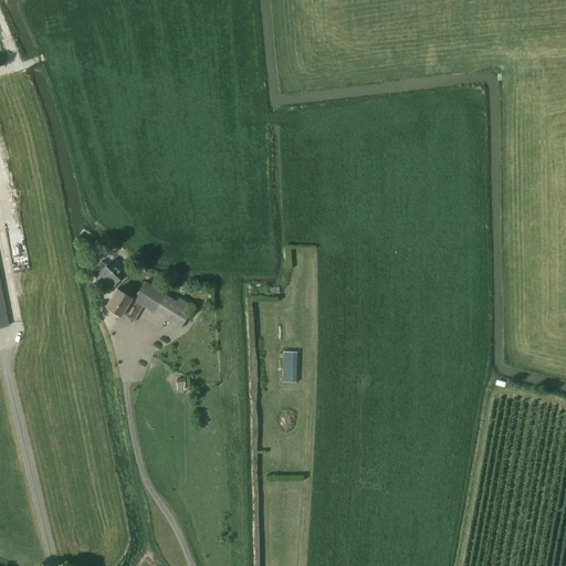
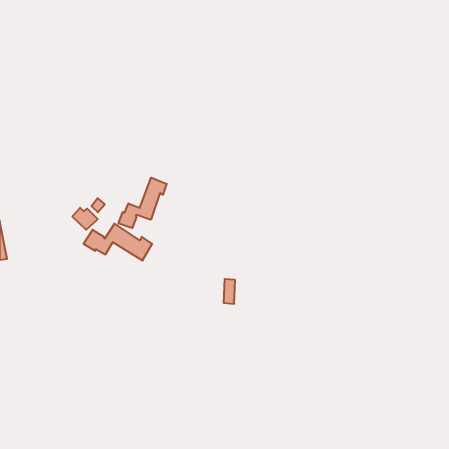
building: none -> [119,178,167,228]

